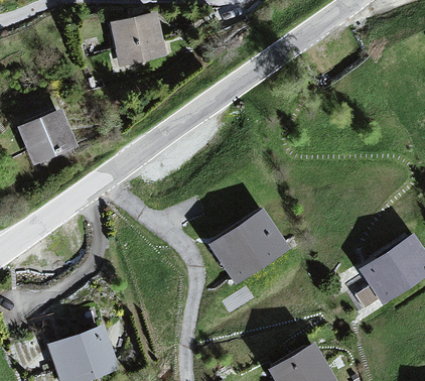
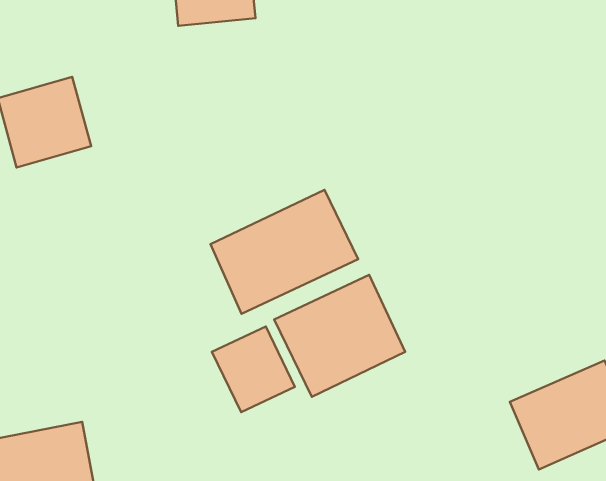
building: none -> [210,190,358,314]
building: none -> [212,326,295,412]

